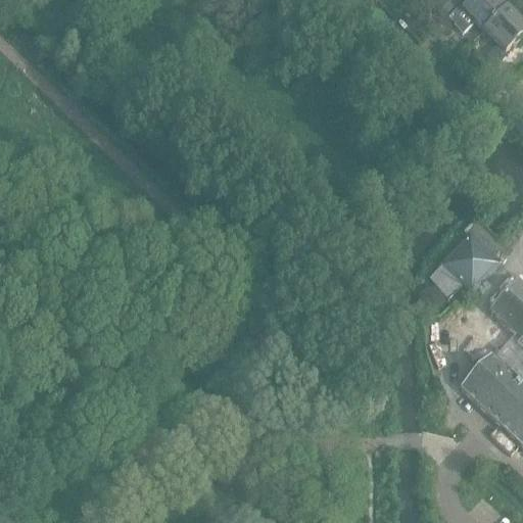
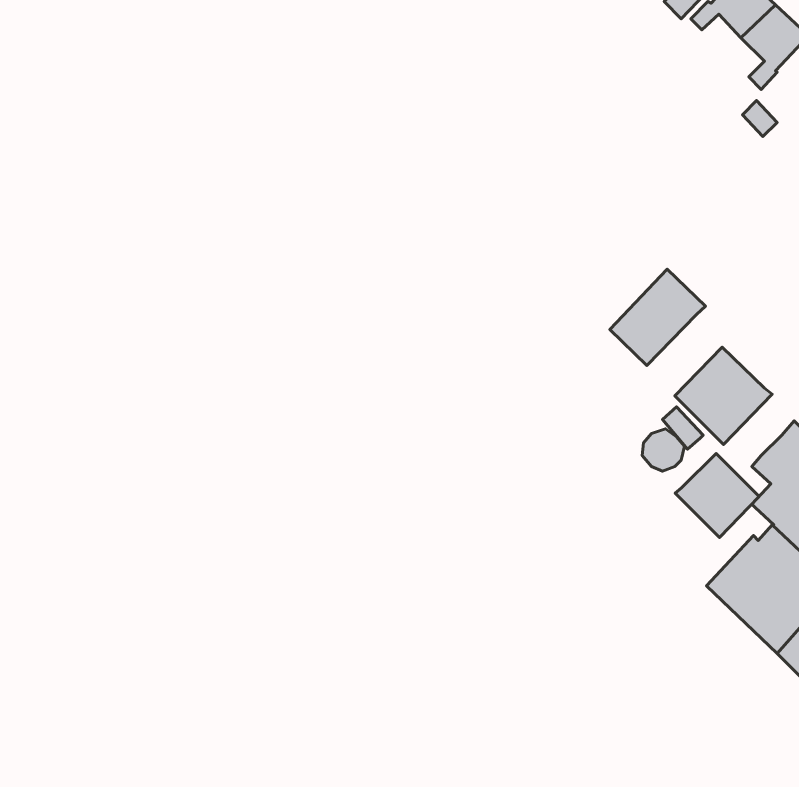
building: none -> [610,269,705,365]
building: none -> [675,454,759,538]

